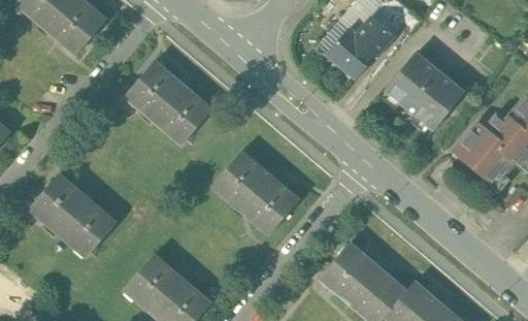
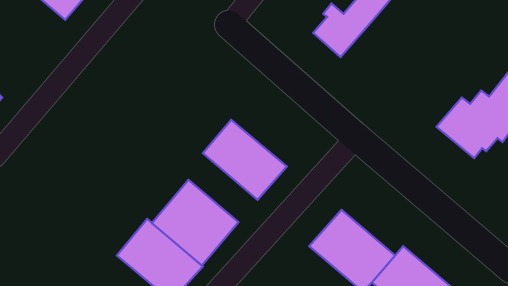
building: [125,54,210,137] -> none
building: [383,57,462,134] -> none
building: [30,168,118,254] -> none
building: none -> [152,180,239,265]

